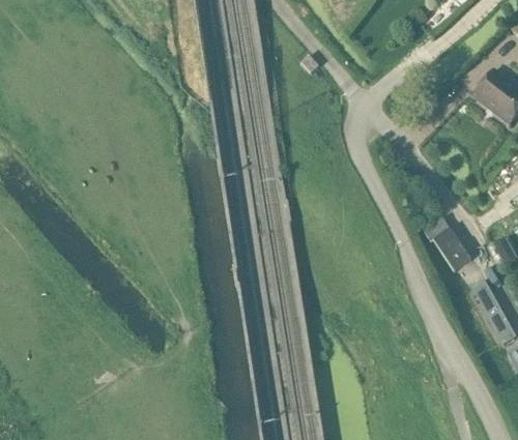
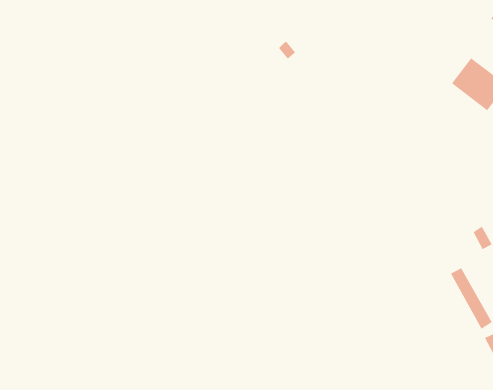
building: [423,216,470,269] -> none

